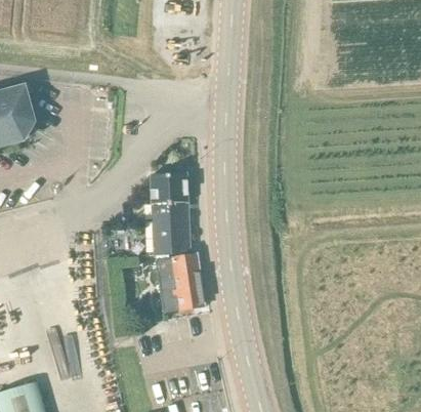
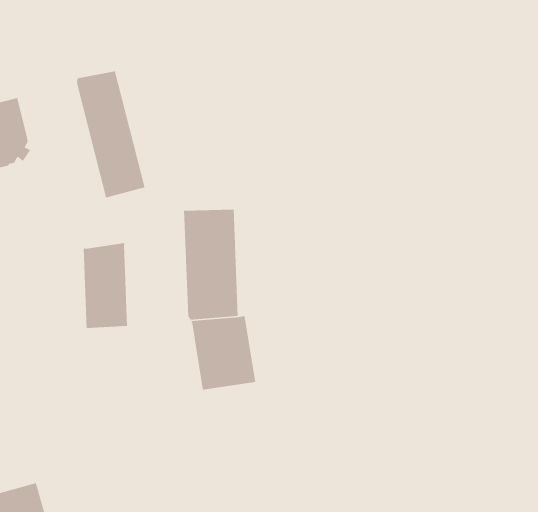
building: none -> [76,71,145,199]
building: none -> [83,242,128,329]

